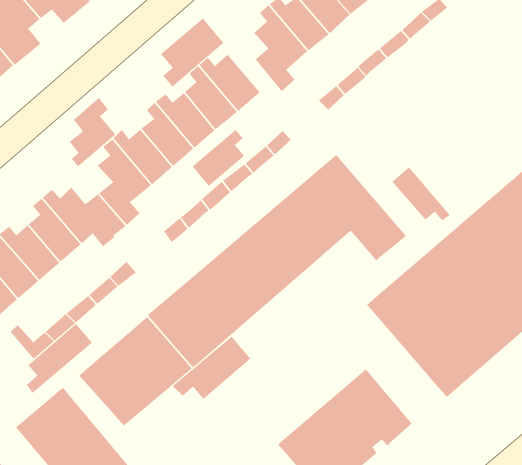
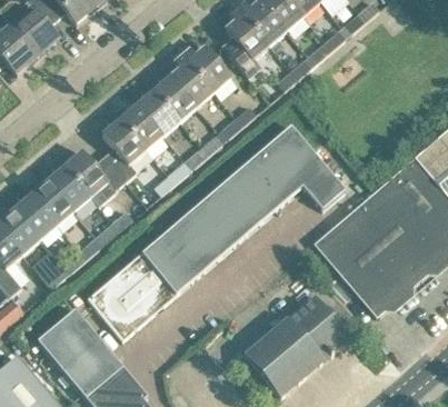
building: [160,18,224,87] -> none
building: [69,97,116,167] -> none
building: [192,129,245,187] -> none
building: [391,166,450,221] -> none
building: [26,323,93,394] -> none
building: [172,336,251,400] -> none

